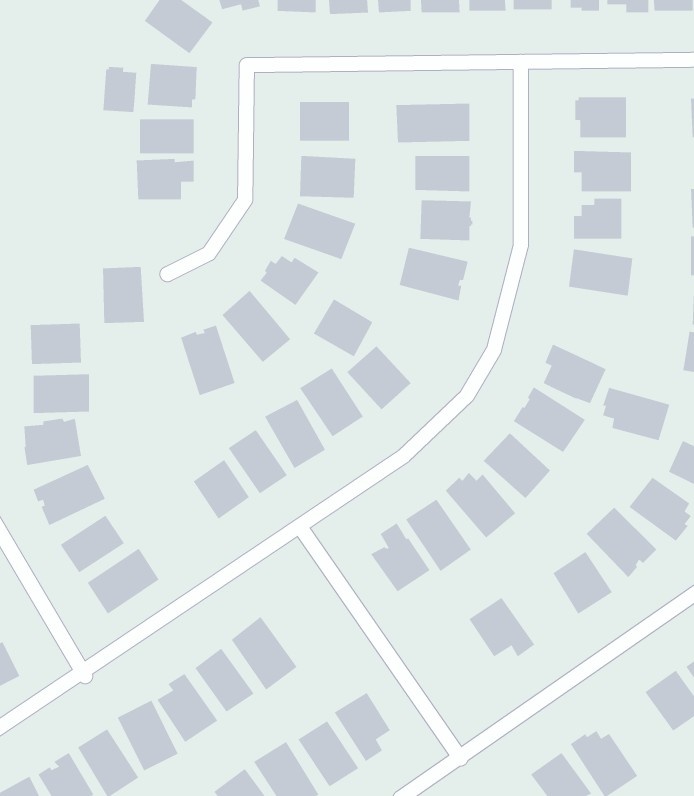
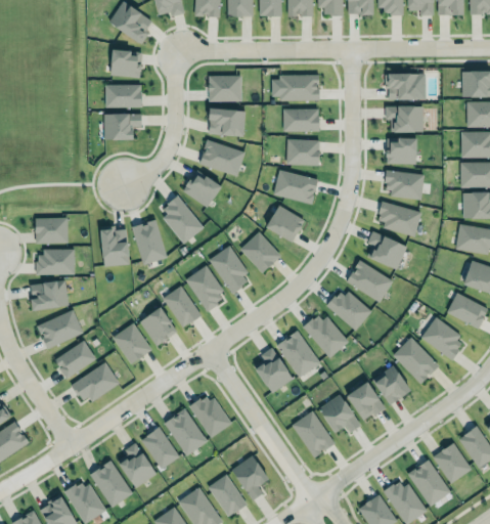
building: [103,66,137,113] -> none
building: [102,267,145,324] -> [101,229,129,266]
building: [313,299,373,357] -> [266,205,305,243]
building: [602,387,670,441] -> [378,200,422,234]
building: none -> [113,322,152,364]
building: none -> [346,382,385,422]
building: none -> [190,393,232,438]
building: none -> [292,409,336,455]
building: none -> [407,458,450,505]

